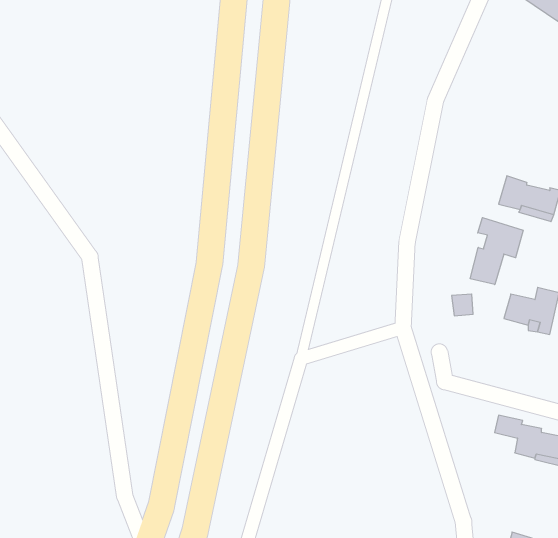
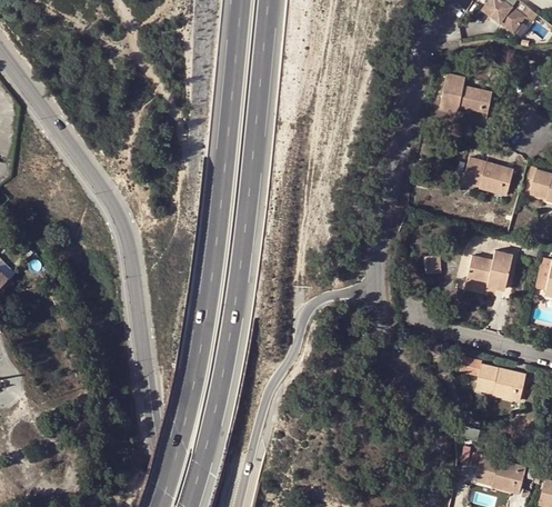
building: none -> [439,74,491,113]
building: [470,218,523,285] -> none

